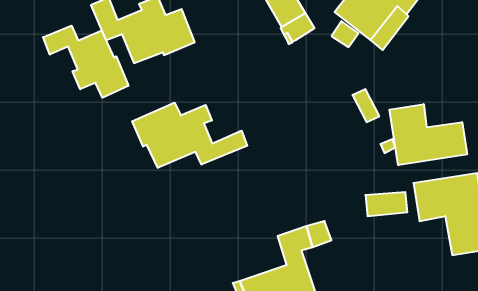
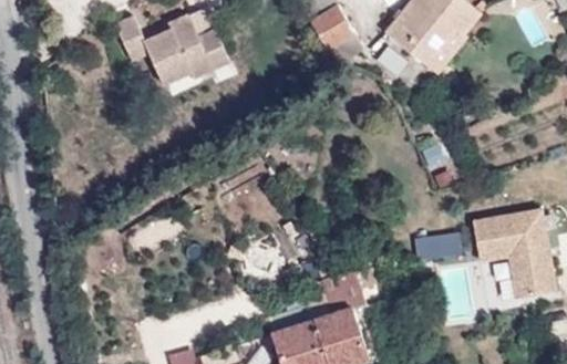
building: [43,26,128,98] -> none
building: [132,103,247,168] -> none
building: [389,104,467,165] -> none

